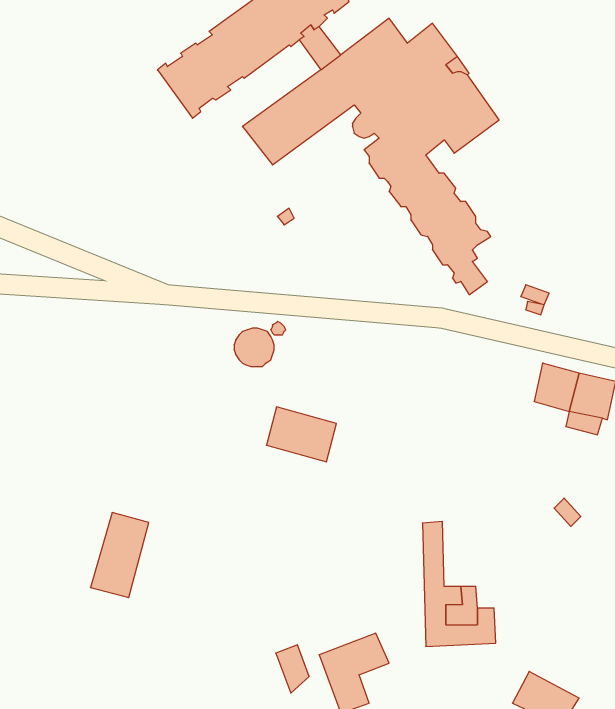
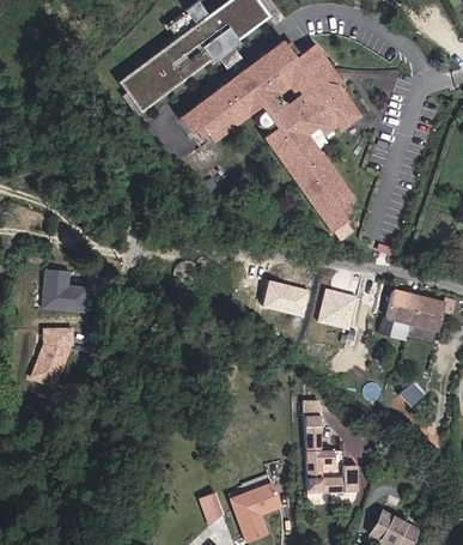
building: none -> [42,267,89,309]
building: none -> [318,287,358,327]
building: [266,407,336,462] -> [261,277,311,316]
building: [90,513,149,598] -> [32,323,74,384]

